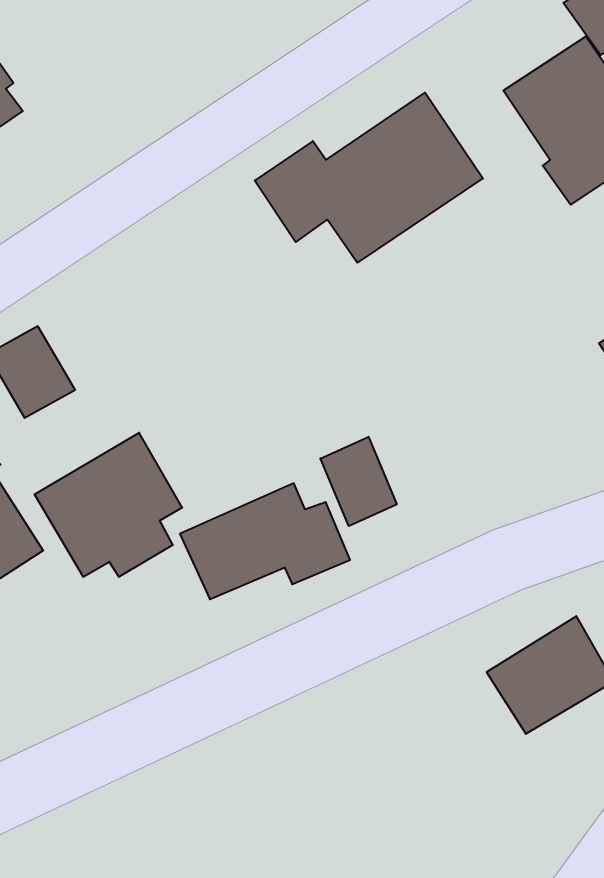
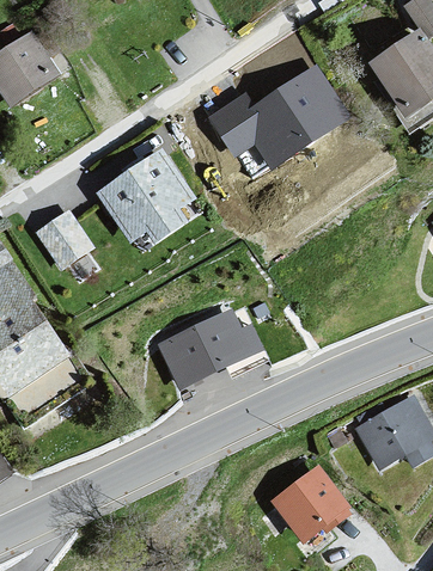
building: [34,433,182,577] -> [94,149,189,241]
building: [320,437,397,526] -> none
building: none -> [273,467,358,544]

